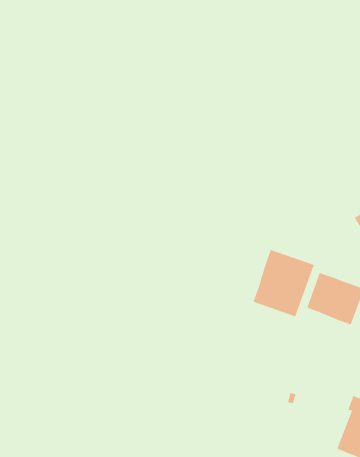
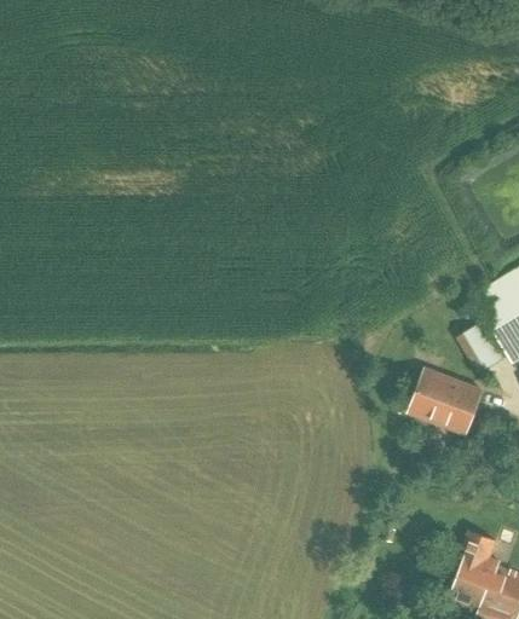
building: [253,249,314,317] -> none

